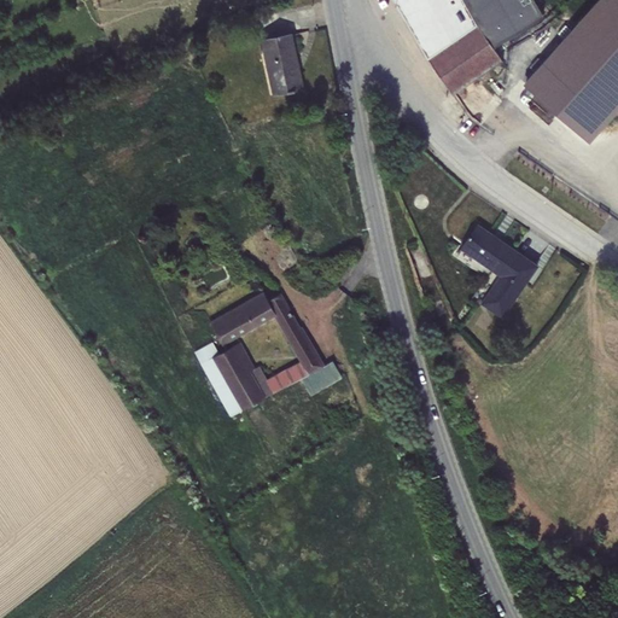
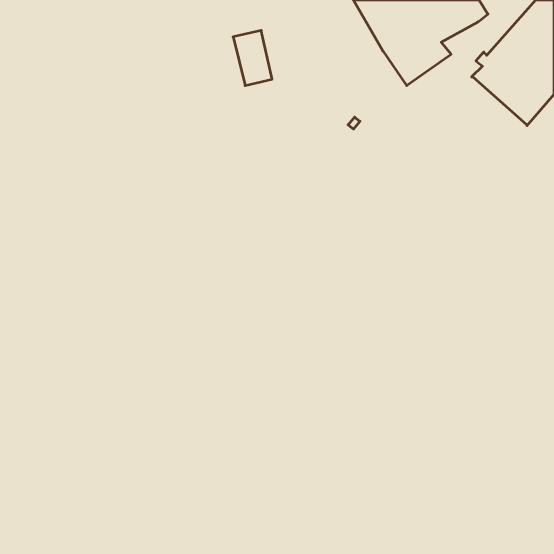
building: [461,225,537,317] -> none
building: [193,291,342,418] -> none

